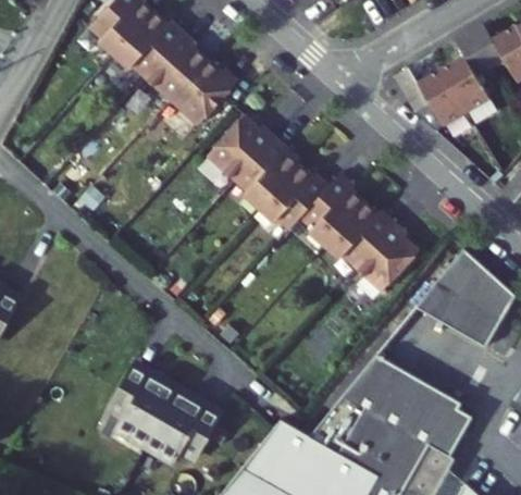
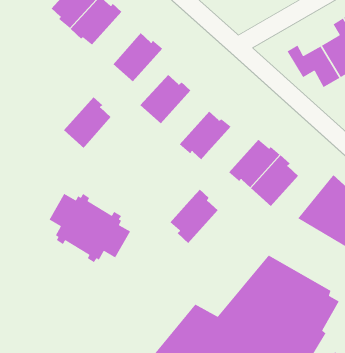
building: [144,32,208,101] -> [63,97,112,149]
building: [235,136,299,208] -> none
building: [299,172,364,245] -> [169,189,219,244]
building: [108,370,218,463] -> [48,193,131,263]

